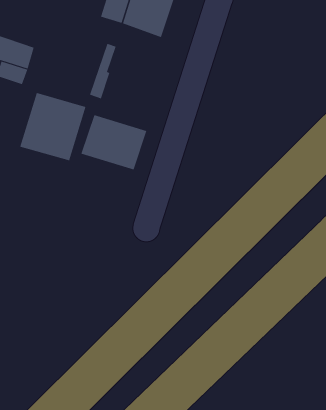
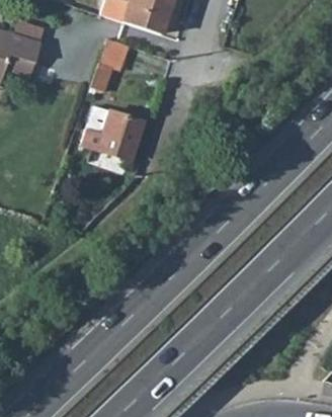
building: [20,92,86,161] -> none

